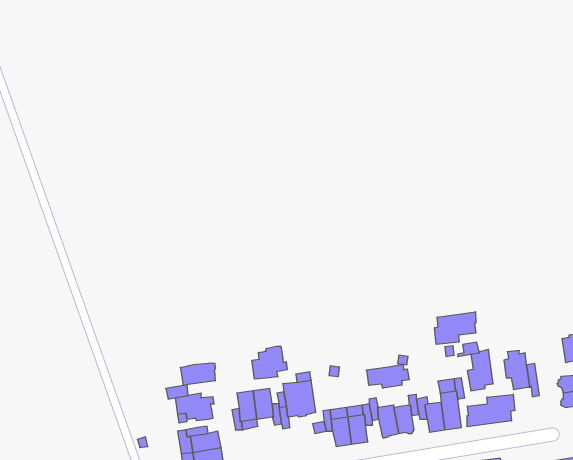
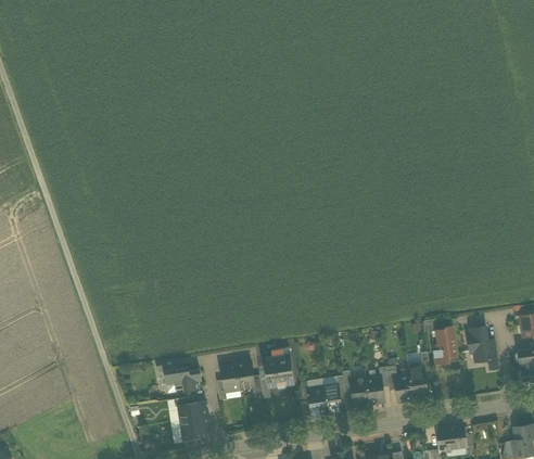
building: [434,312,476,344] -> none
building: [252,346,287,379] -> none
building: [180,363,215,385] -> none
building: [366,364,409,388] -> none
building: [467,394,515,427] -> none

